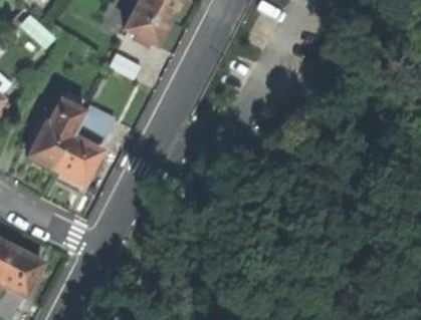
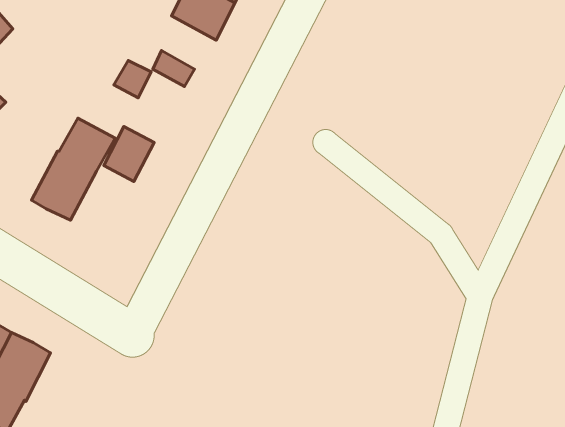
building: [55,135,100,184] -> none

